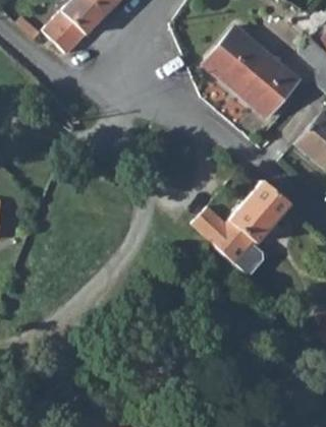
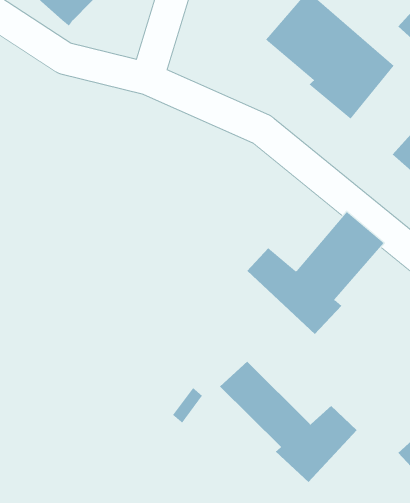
building: none -> [219,361,358,483]

